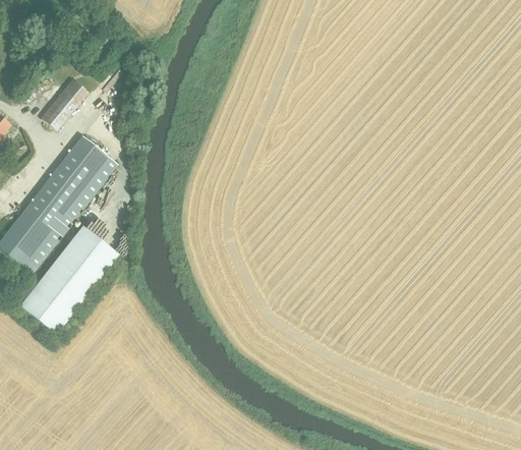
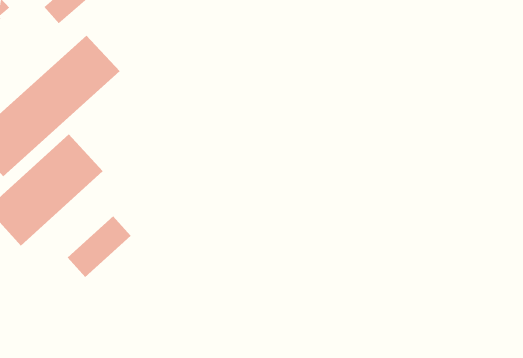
building: none -> [67,215,131,278]

